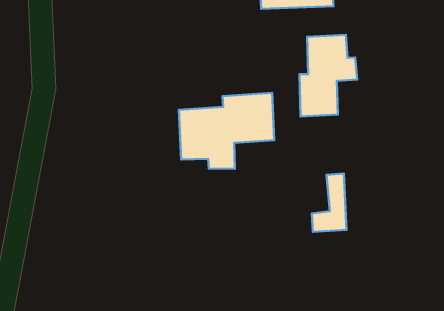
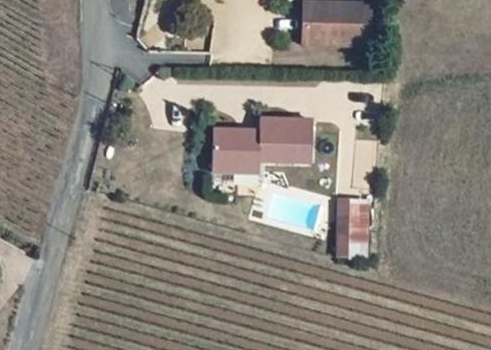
building: [300,35,357,116] -> none

